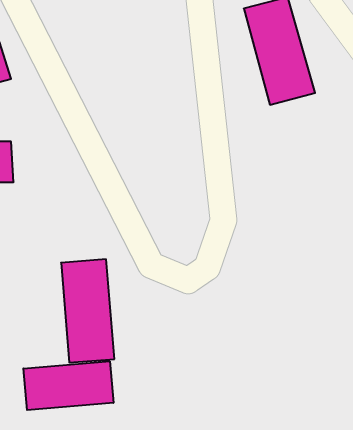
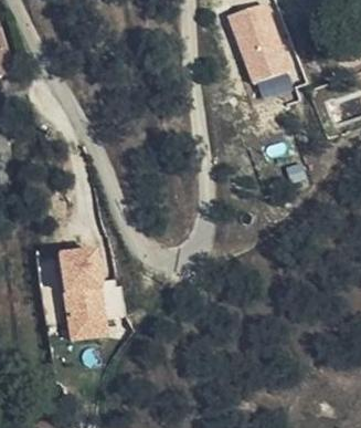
building: [23,361,113,410] -> none

